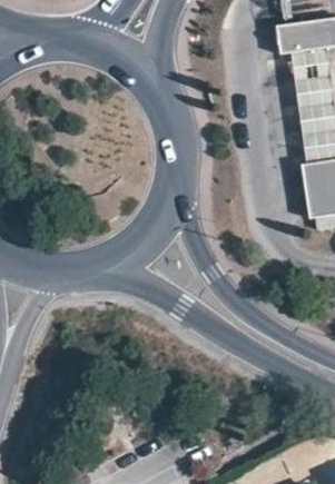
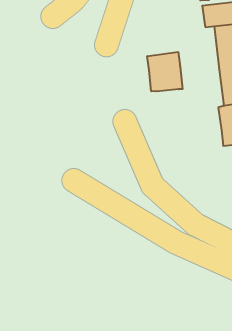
building: none -> [147,52,183,91]

